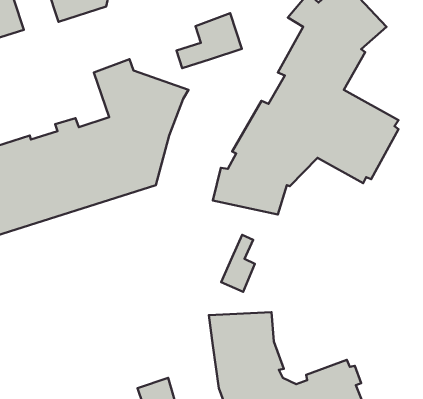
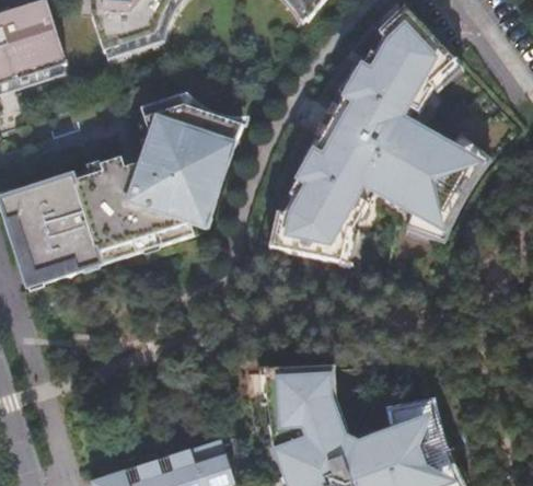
building: [176,13,242,68] -> none
building: [221,235,255,292] -> none

